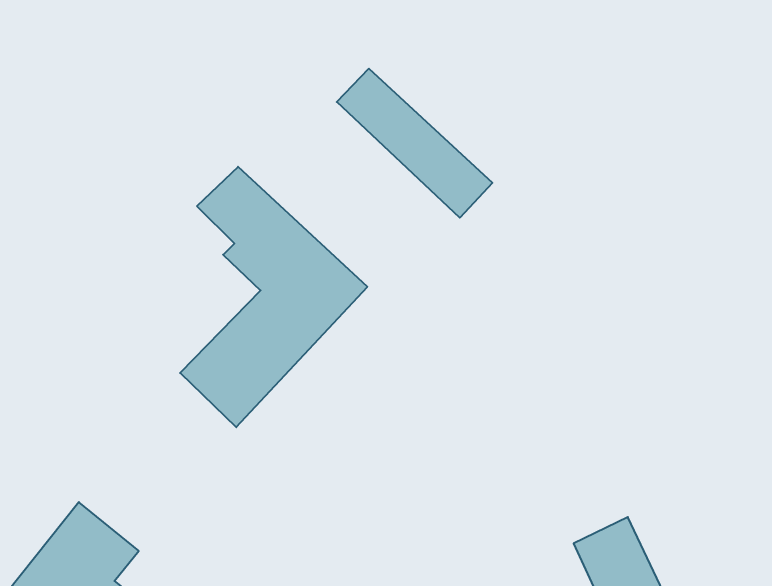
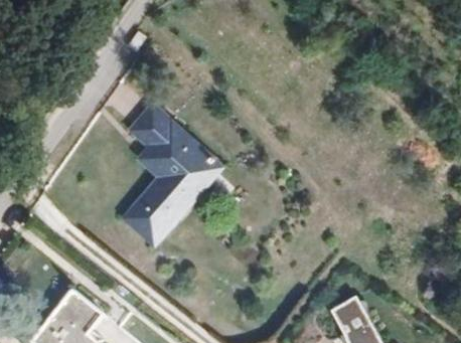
building: [337,69,492,218] -> none

